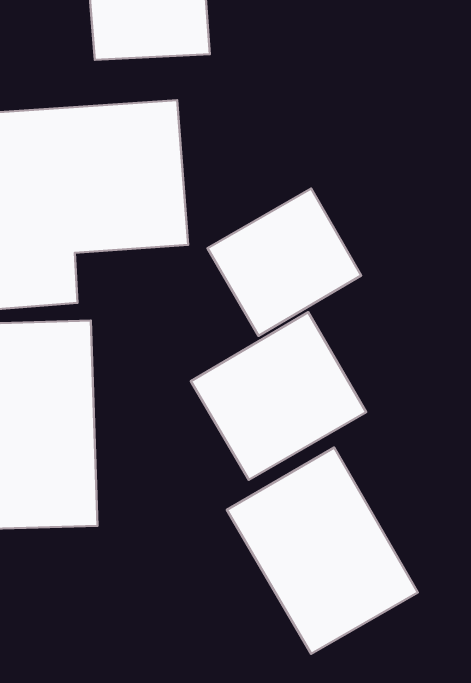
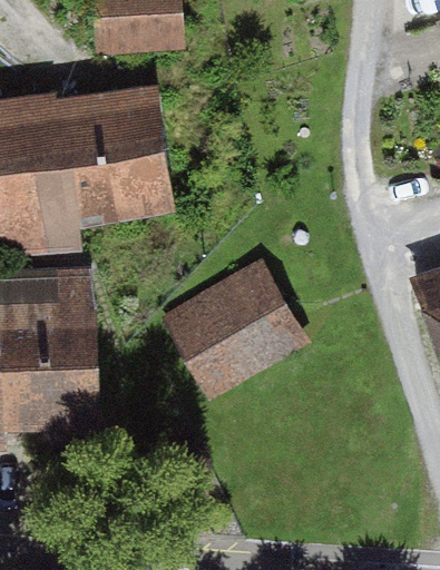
building: [208,188,361,336] -> none
building: [227,447,418,654] -> none

